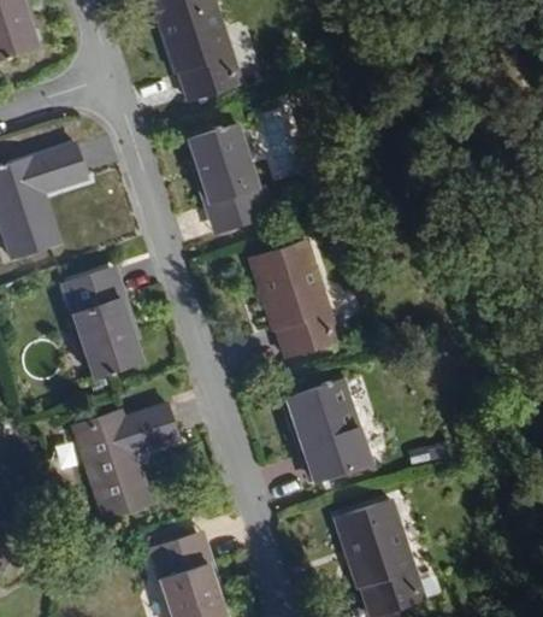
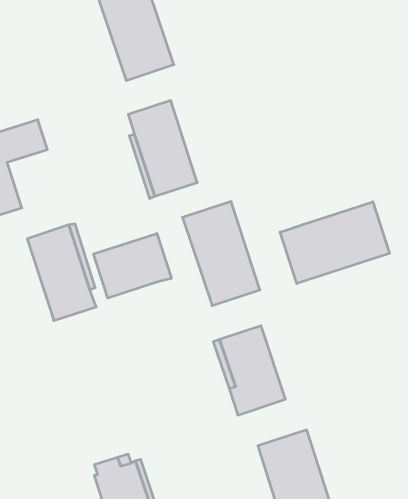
building: none -> [280,202,390,284]
building: none -> [94,233,171,298]
building: [67,405,171,521] -> none

